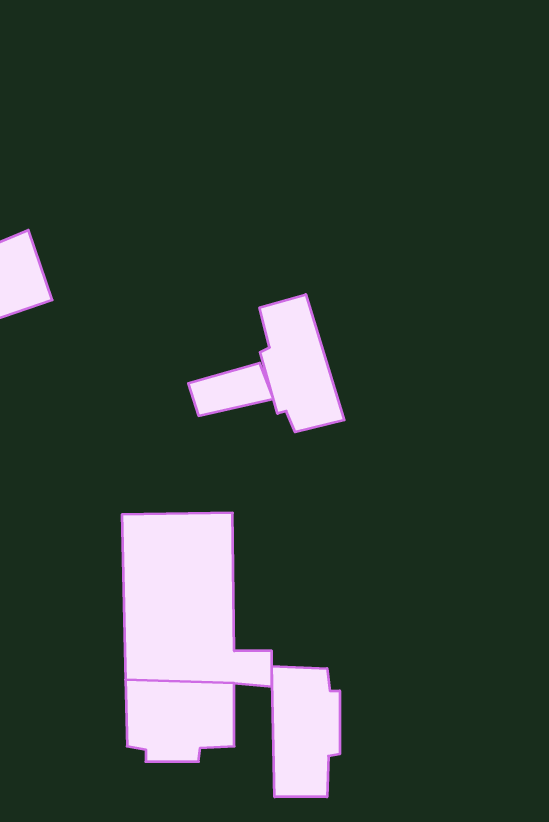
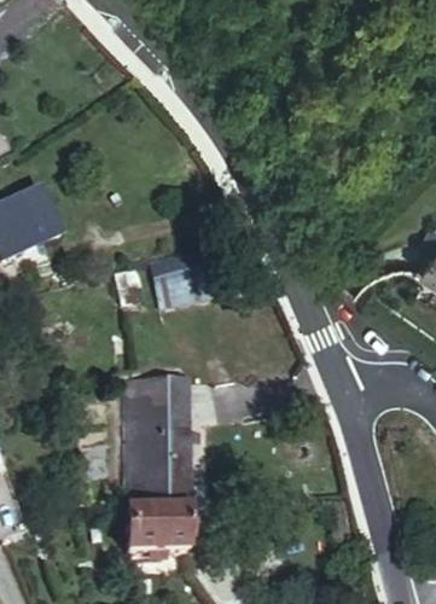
building: [260,294,344,432] -> none
building: [272,666,340,797] -> none

